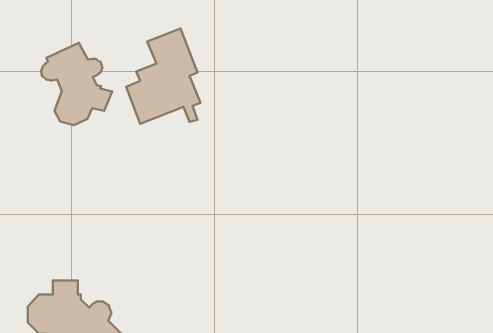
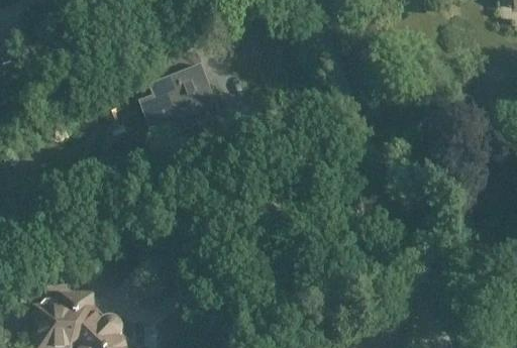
building: [41,43,112,125] -> none

